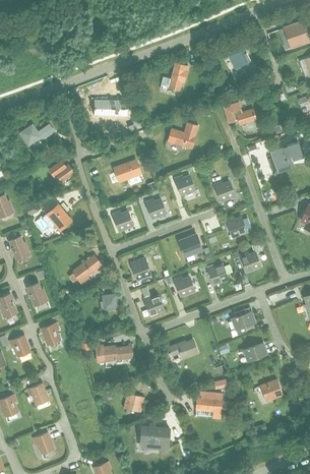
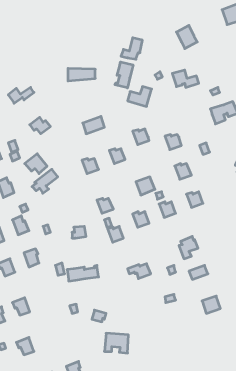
building: none -> [115,62,133,88]
building: [68,255,100,285] -> [32,169,58,193]
building: [195,391,222,418] -> none

